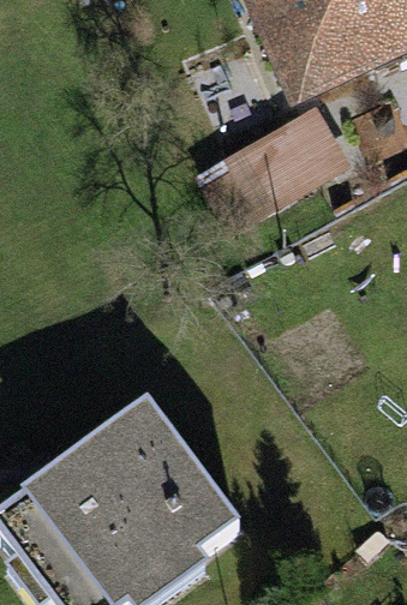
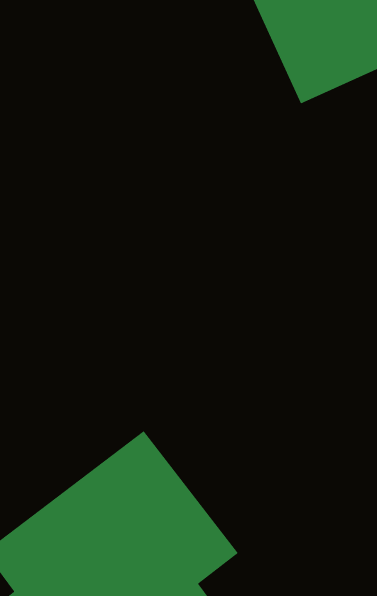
building: [229,100,354,211] -> none

